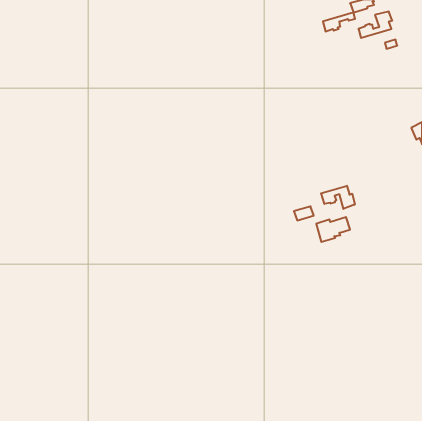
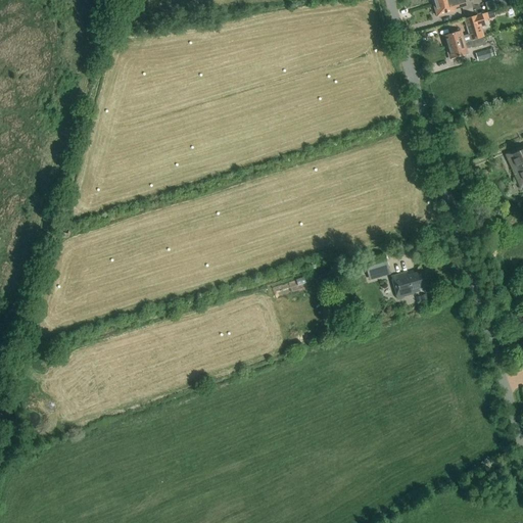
building: [323,12,355,31] -> [446,36,486,59]
building: [321,186,355,209] -> none

